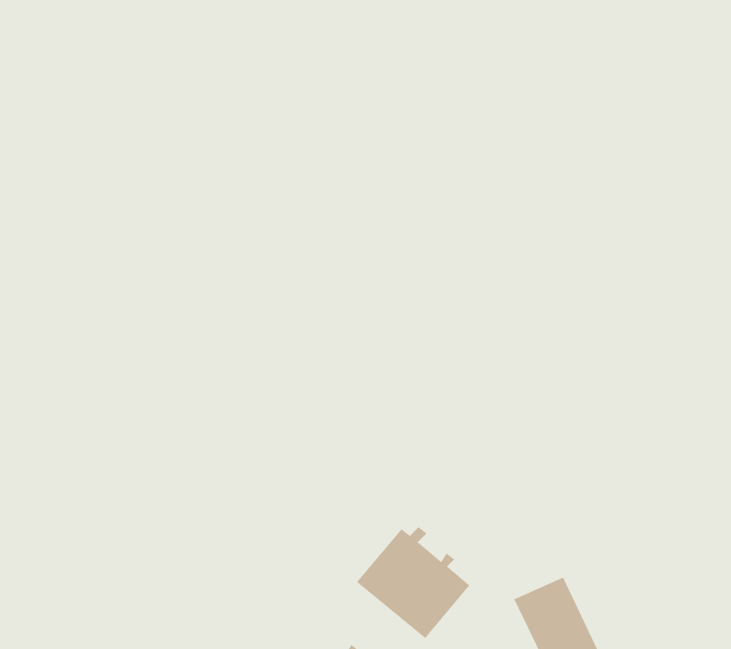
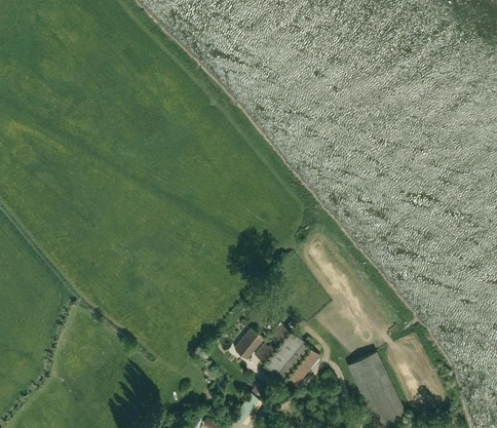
building: none -> [233,327,264,360]

